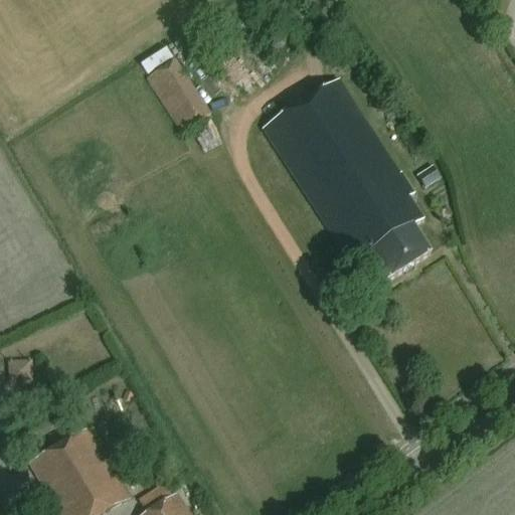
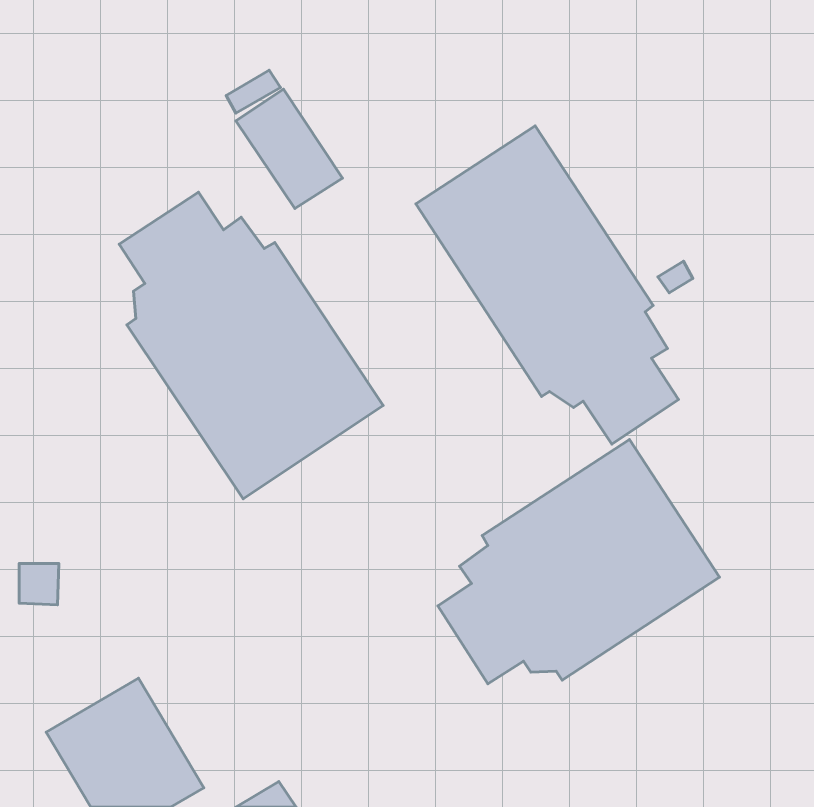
building: none -> [119,192,383,499]
building: none -> [438,439,720,684]

